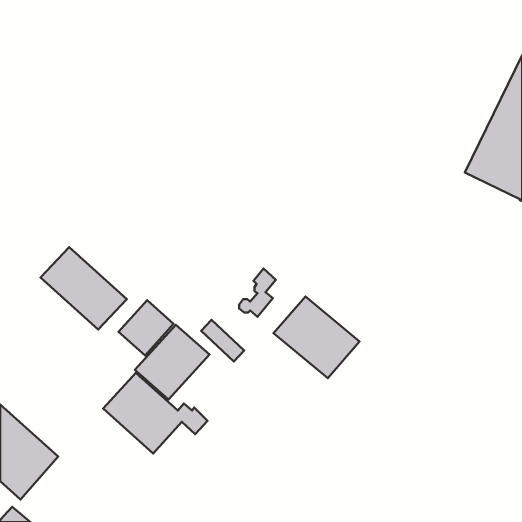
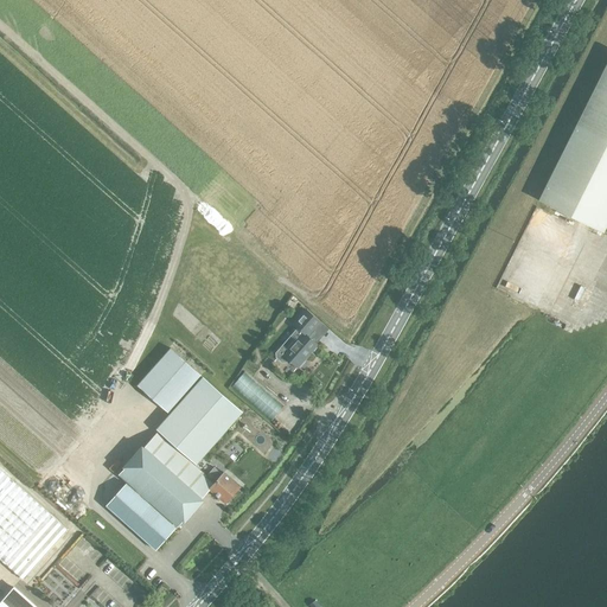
building: [40,247,127,330] -> none
building: [274,296,360,378] -> none
building: none -> [106,483,177,550]

